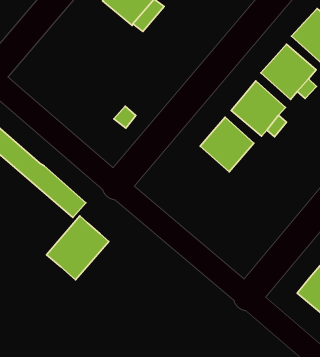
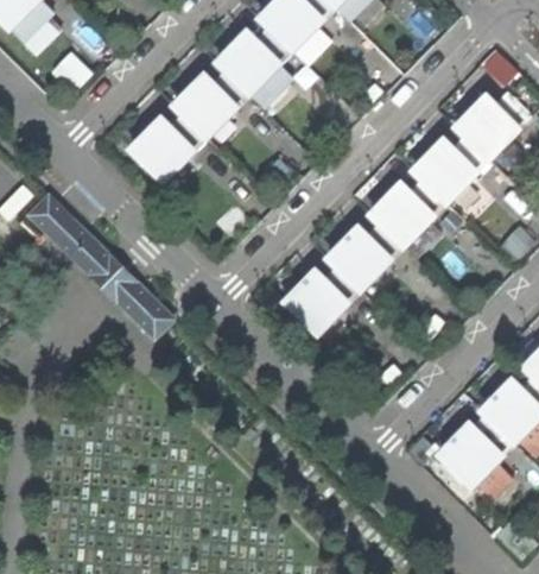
building: none -> [167,71,237,140]
building: none -> [125,115,197,187]
building: none -> [280,267,351,338]
building: [47,216,109,280] -> none

